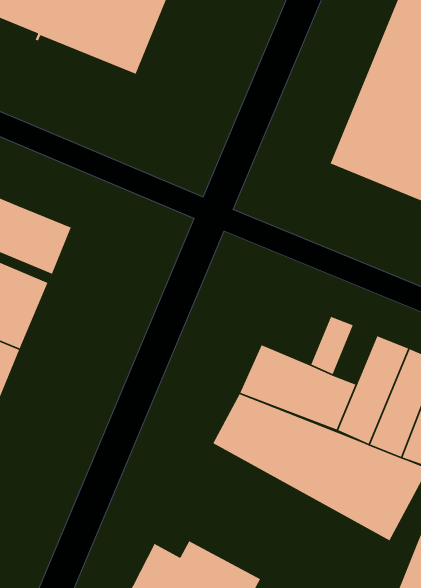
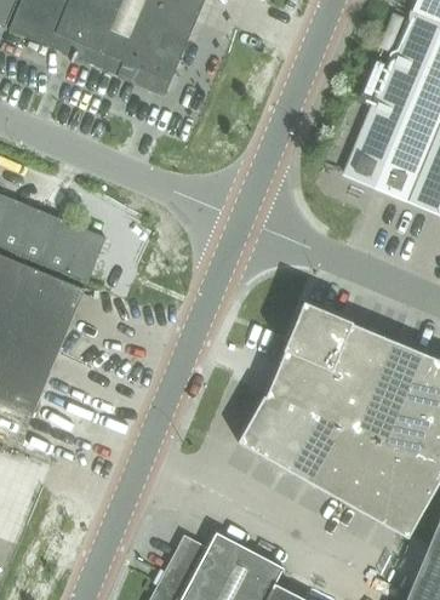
building: none -> [284,302,349,367]
building: none -> [352,330,393,385]

